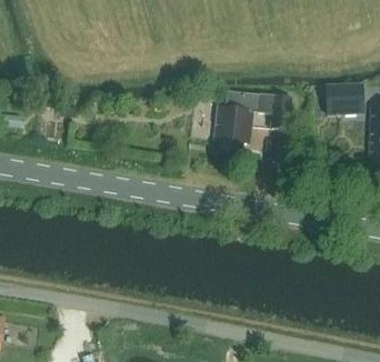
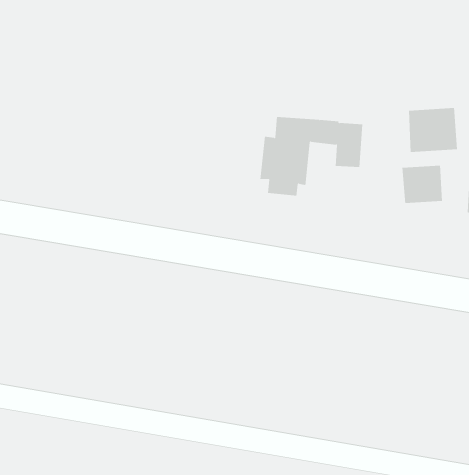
building: none -> [402,165,443,204]

